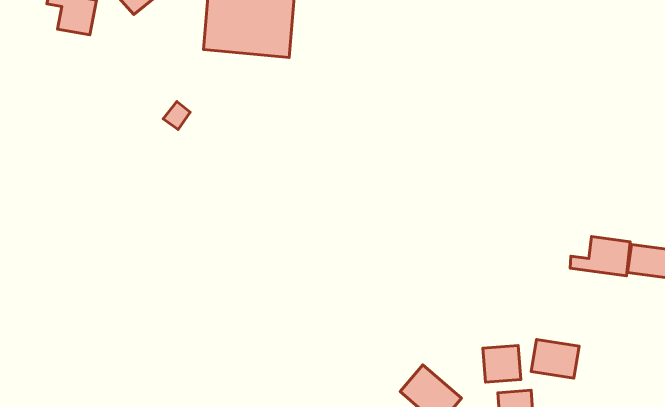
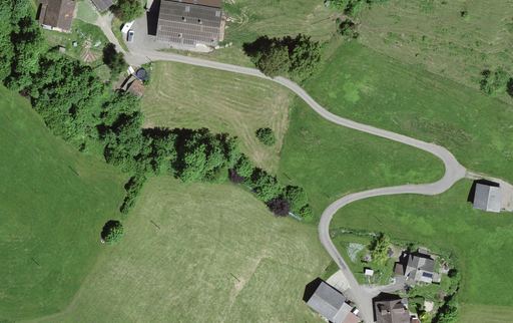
building: [570,236,630,276] -> none
building: [483,345,521,382] -> none

